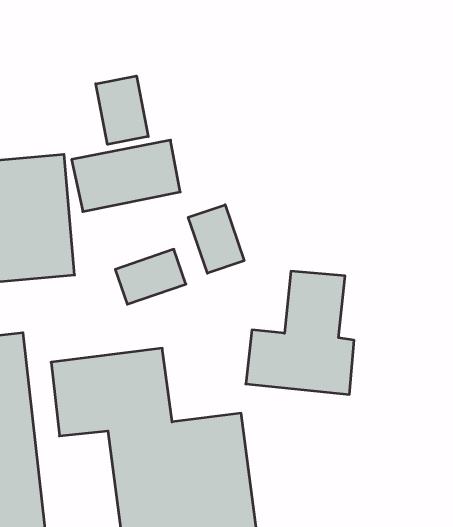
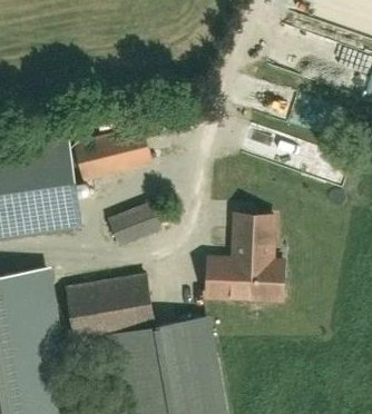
building: [96,76,148,144] -> none
building: [188,205,244,273] -> none

